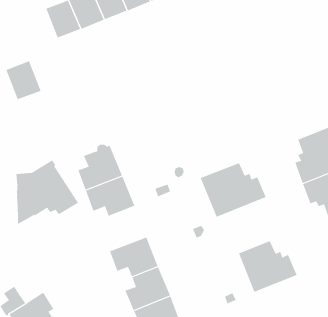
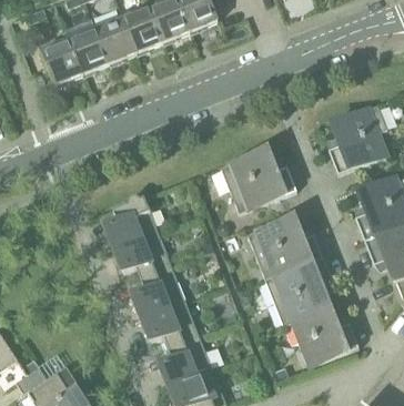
building: [6,60,41,100] -> [41,38,82,83]
building: none -> [327,103,387,172]
building: none -> [220,148,296,212]
building: [16,160,79,225] -> none
building: none -> [265,255,332,324]
building: none -> [132,265,185,317]

